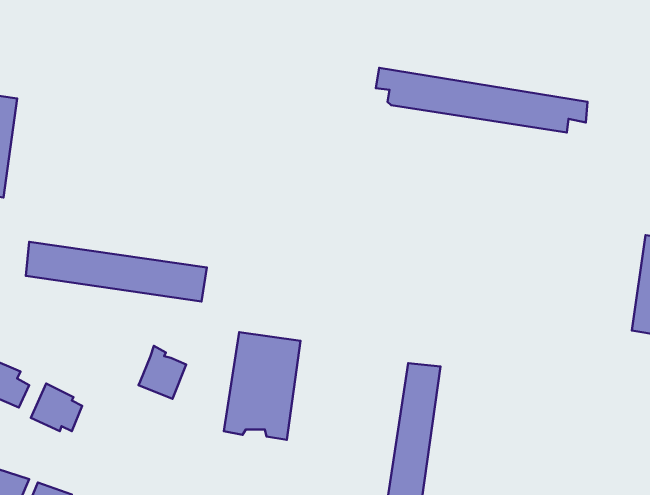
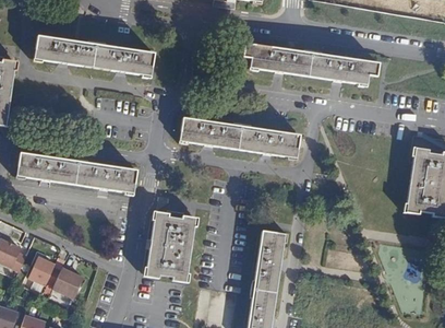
building: none -> [34,40,151,77]
building: none -> [180,122,298,160]
building: [138,346,186,399] -> [47,255,77,289]

